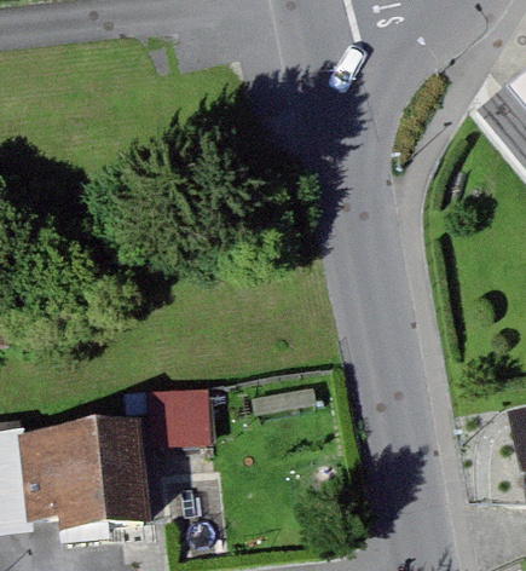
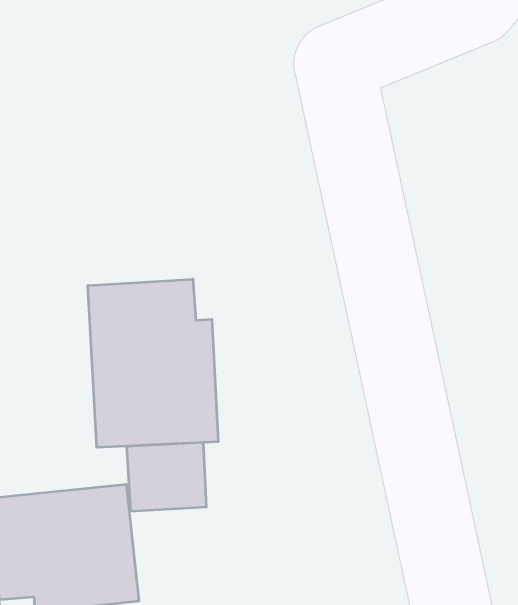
building: none -> [88,279,218,447]

